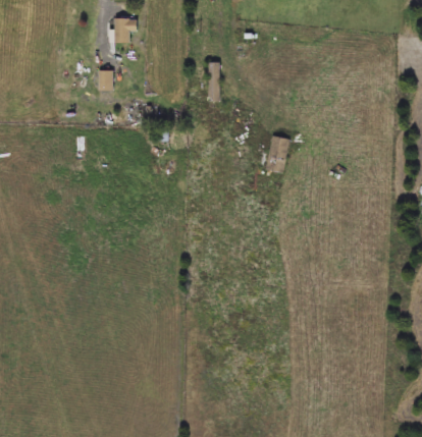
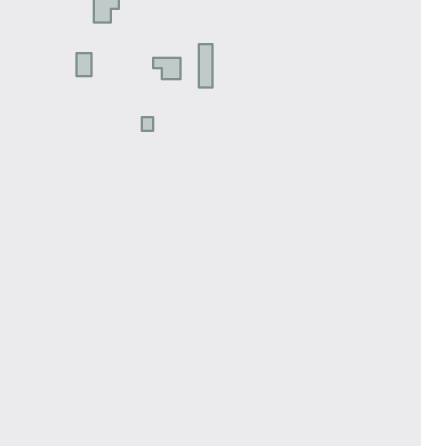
building: none -> [153,58,180,79]
building: [265,135,289,173] -> none

